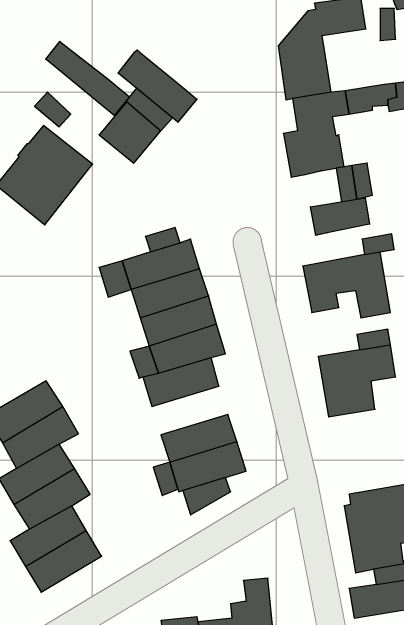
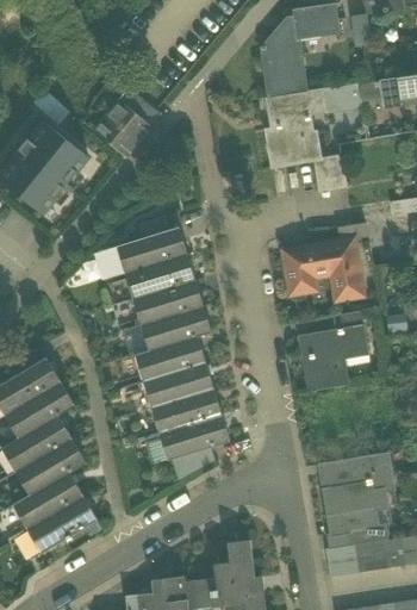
building: [46,41,129,115] -> none
building: [118,50,197,122] -> none
building: [311,198,370,235] -> none
building: none -> [143,362,213,407]

